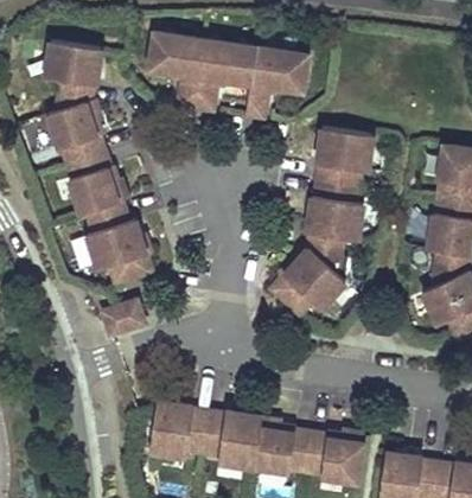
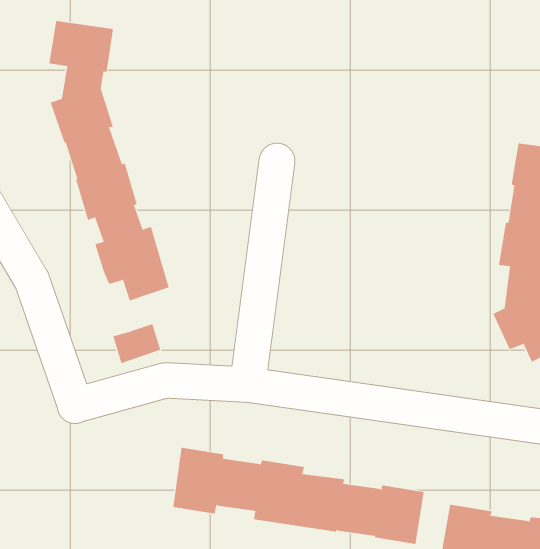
building: [152,32,312,117] -> none
building: [274,127,374,312] -> none

